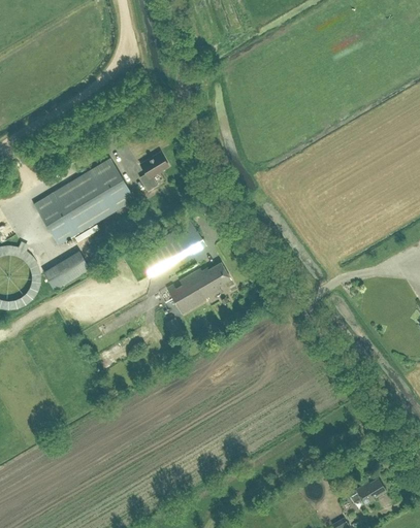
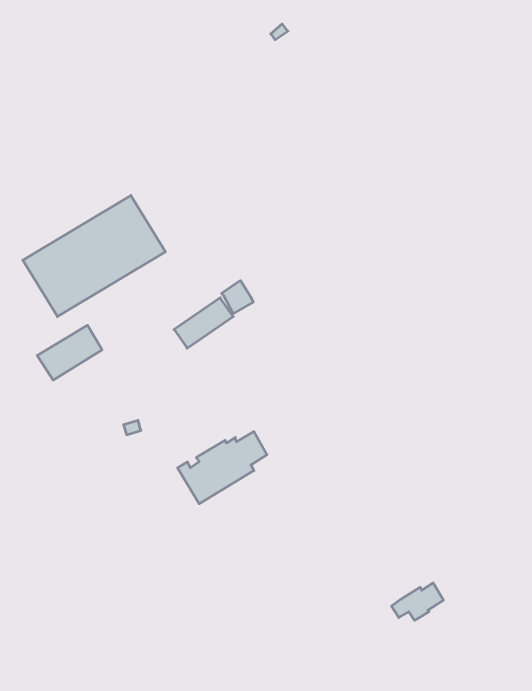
building: [139,153,168,192] -> none
building: [166,263,230,315] -> [178,432,267,504]
building: [348,478,385,505] -> [392,583,443,620]

